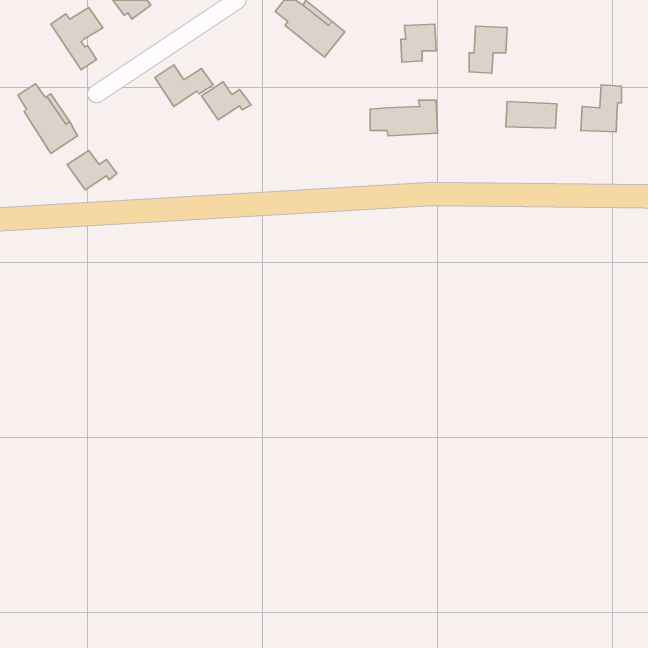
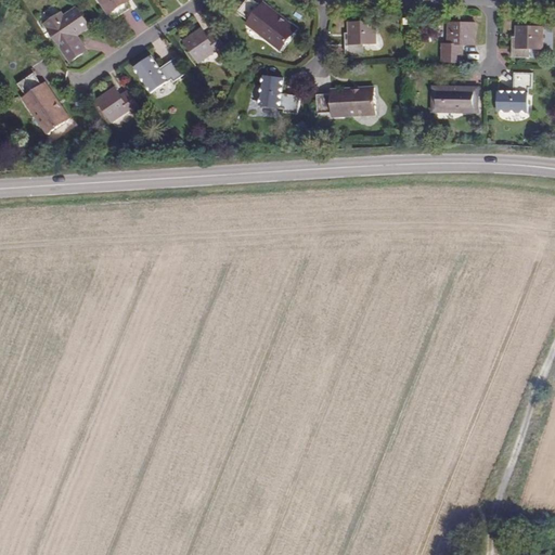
building: [469,26,507,73] -> [442,23,475,63]
building: none -> [512,26,542,57]
building: [202,82,251,120] -> [185,34,228,66]
building: none -> [257,74,298,113]
building: [67,151,117,190] -> [94,86,137,119]

